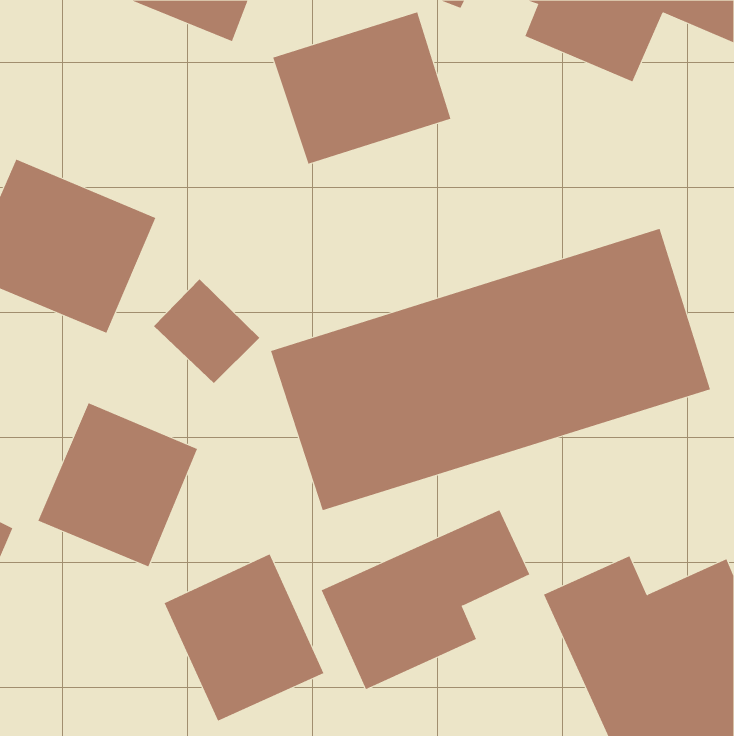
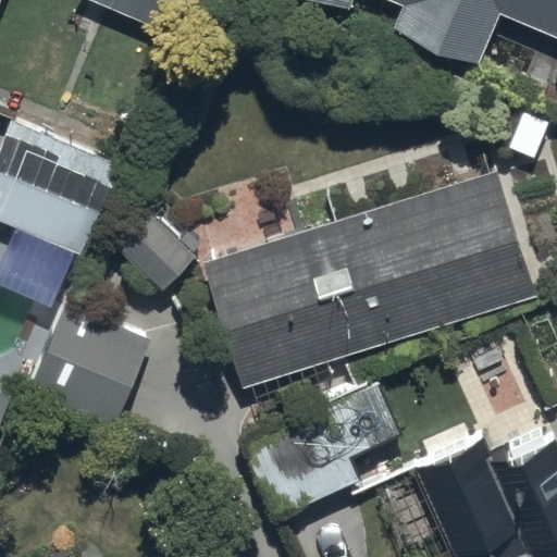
building: [273,12,451,165] -> none
building: [164,554,324,721] -> none

